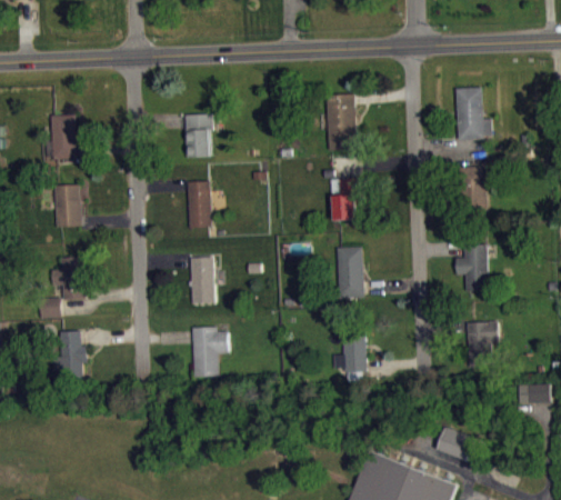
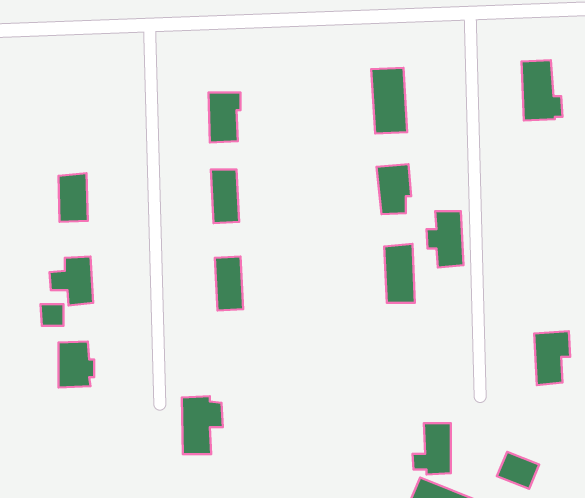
building: [46,114,77,160] -> none
building: [459,167,487,207] -> none
building: [455,243,488,292] -> [426,211,464,268]
building: [192,327,228,377] -> [182,396,223,454]
building: [332,329,365,373] -> [412,423,451,475]

